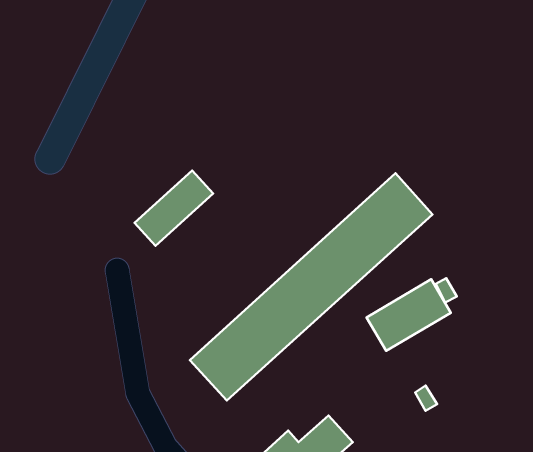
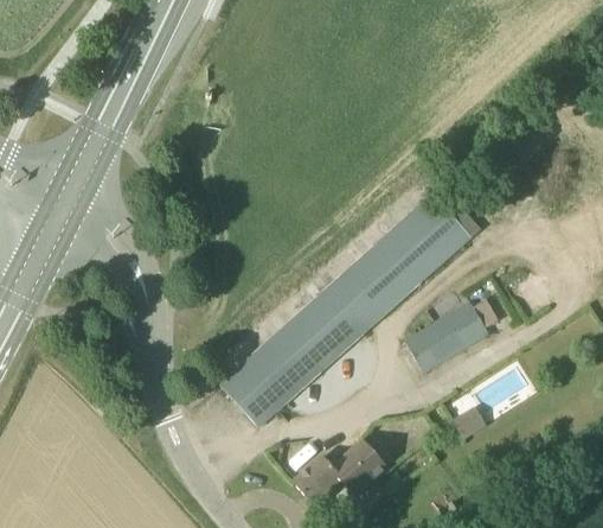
building: [135,170,213,246] -> none

